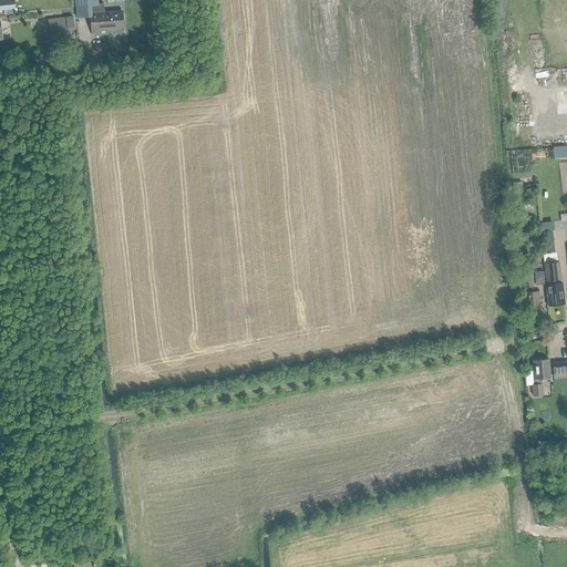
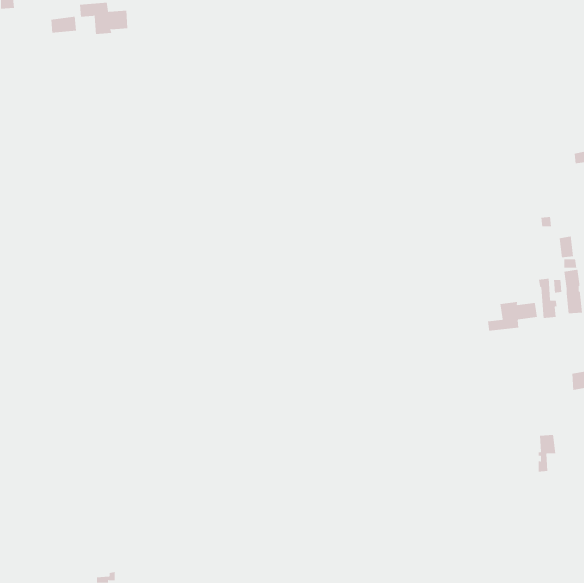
building: none -> [488,301,537,332]
building: [534,358,551,394] -> [538,434,556,472]

